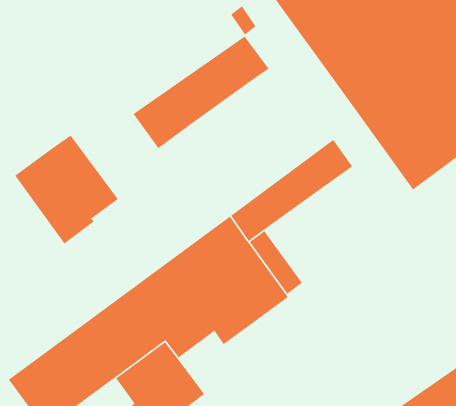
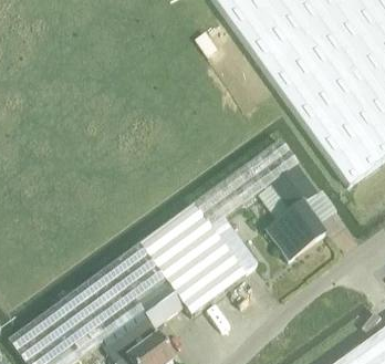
building: [132,36,269,149] -> none
building: [14,134,119,245] -> none
building: none -> [266,163,324,256]

